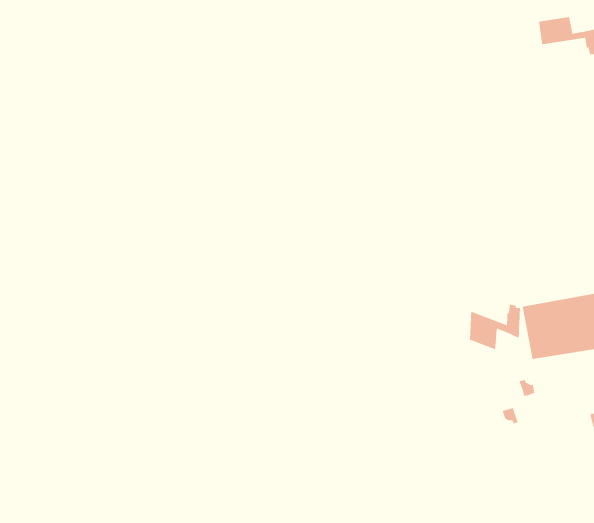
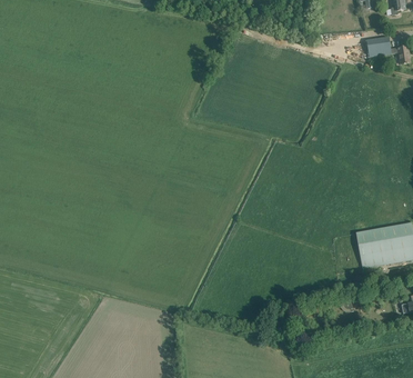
building: [470,304,520,350] -> none

